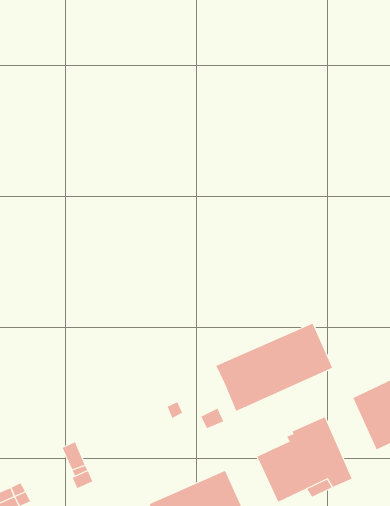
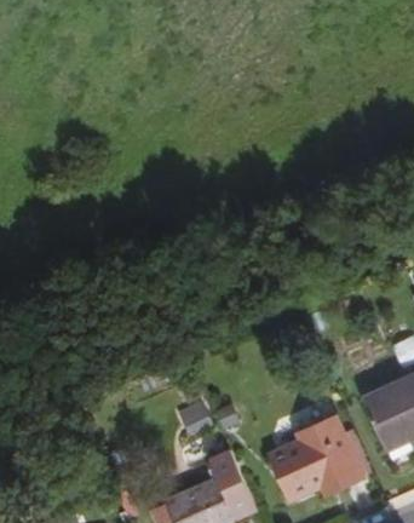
building: [216,323,333,411] -> none

